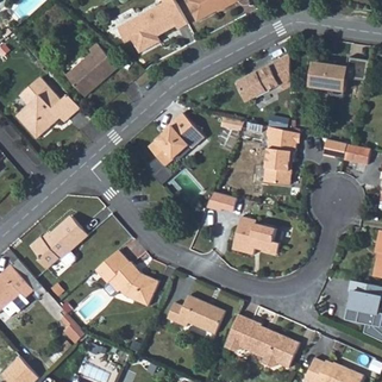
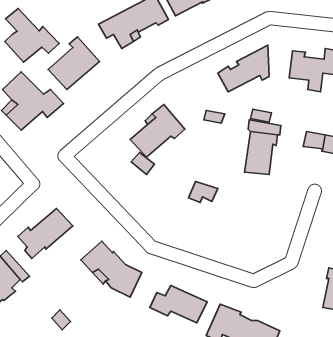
building: none -> [5,8,59,62]
building: [231,217,277,256] -> none

